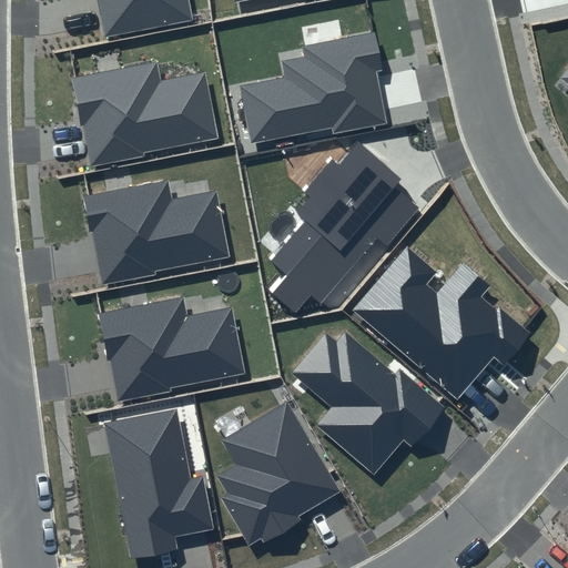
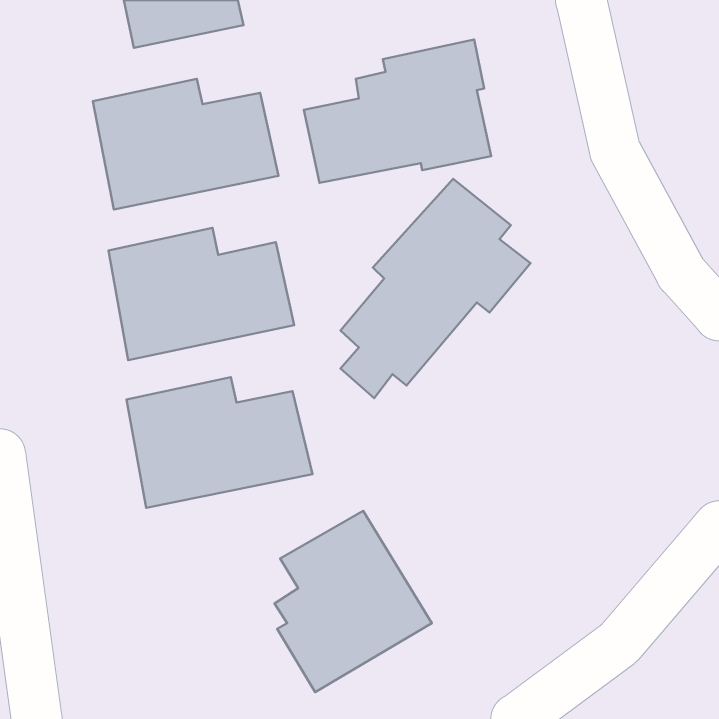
building: [353,246,530,399] -> none
building: [292,332,446,476] -> none
building: [105,410,214,559] -> none

